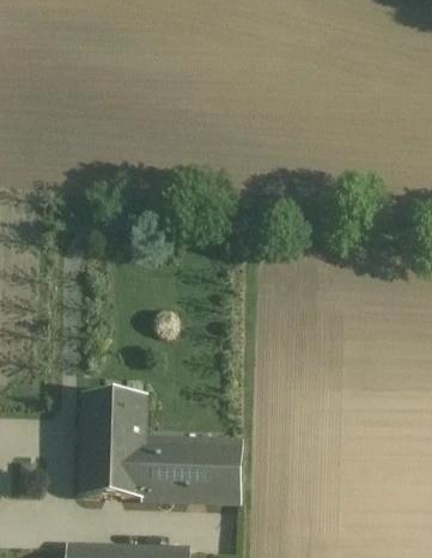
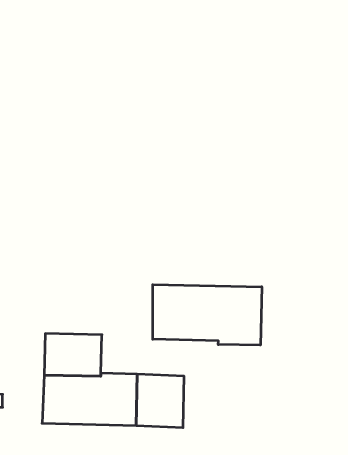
building: none -> [153,285,262,345]

